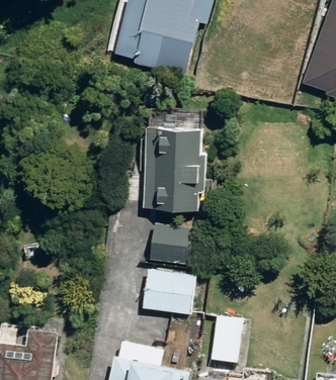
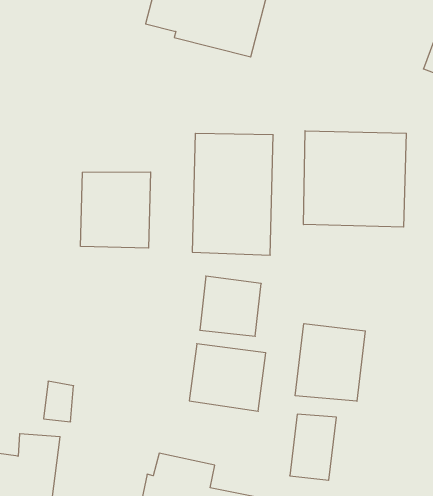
building: none -> [304,131,406,227]
building: none -> [81,172,150,248]
building: none -> [295,324,365,401]

